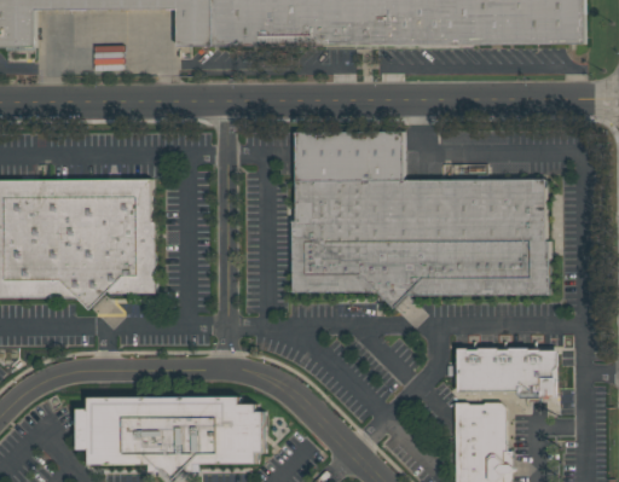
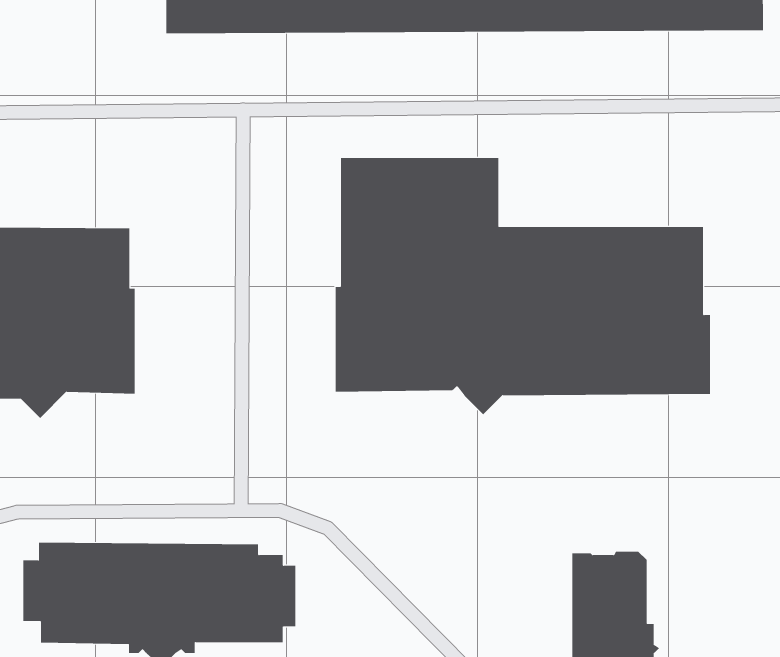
building: [457,347,559,400] -> none

